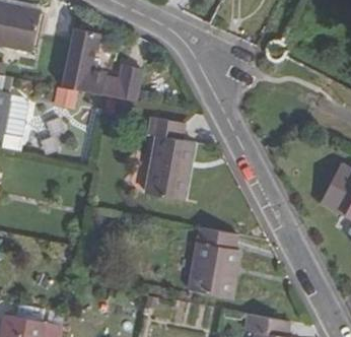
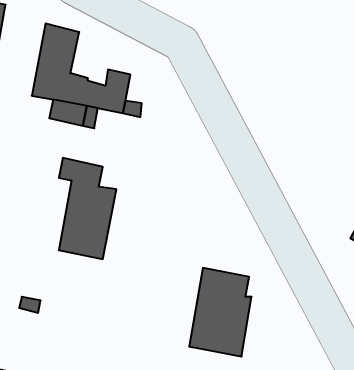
building: [147,117,194,199] -> [59,158,116,259]

